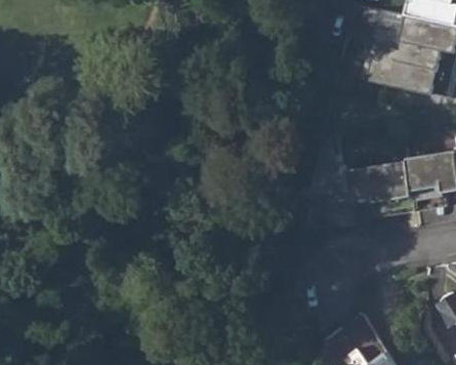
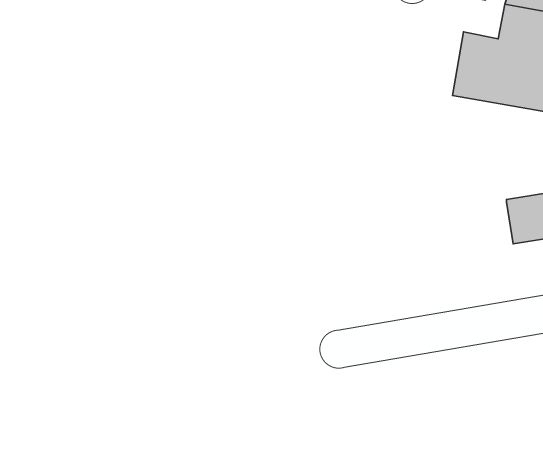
building: [346,160,412,200] -> none

